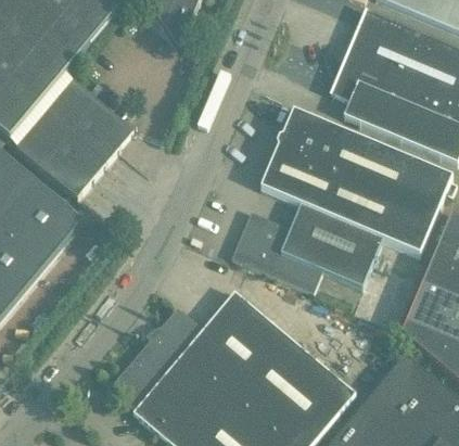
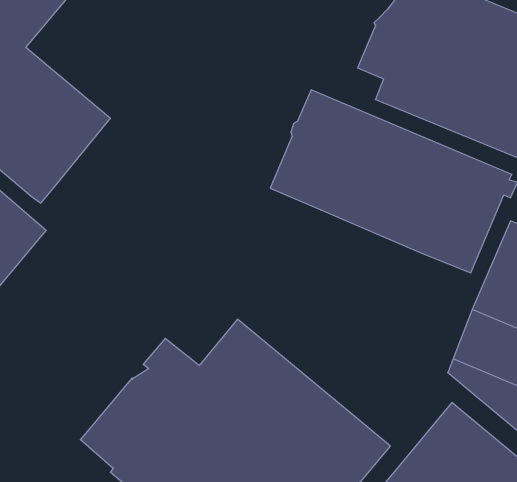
building: [231,204,382,291] -> none

